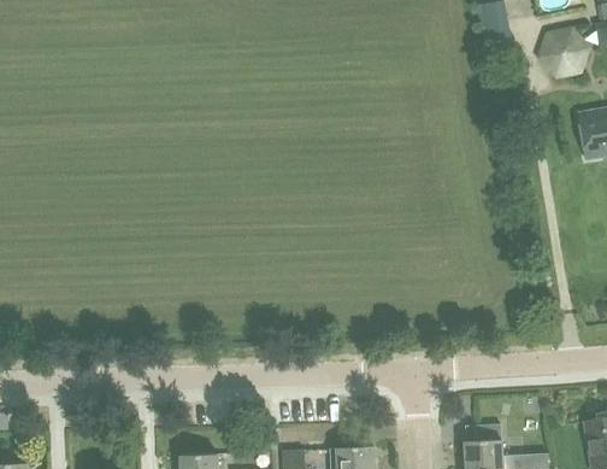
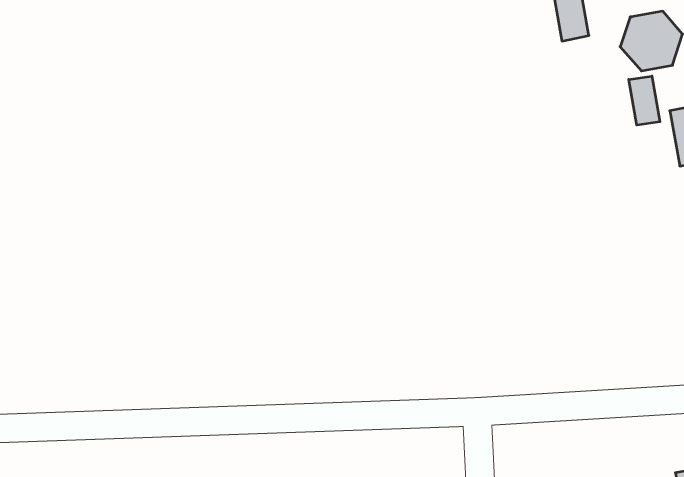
building: none -> [629,76,660,125]

